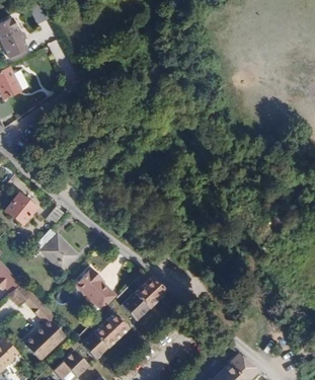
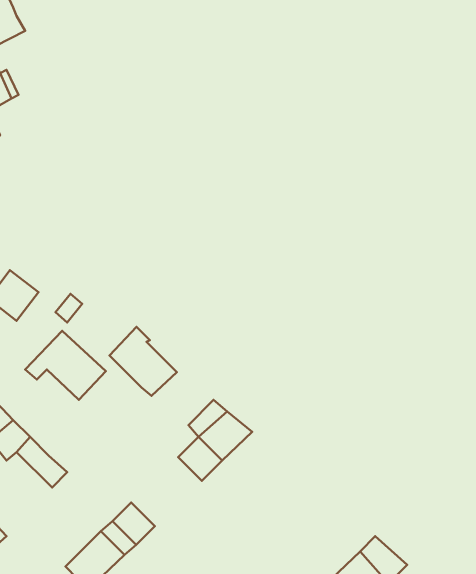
building: [75,268,115,309] -> [109,327,177,396]
building: [92,312,128,347] -> none
building: [23,320,64,361] -> none

